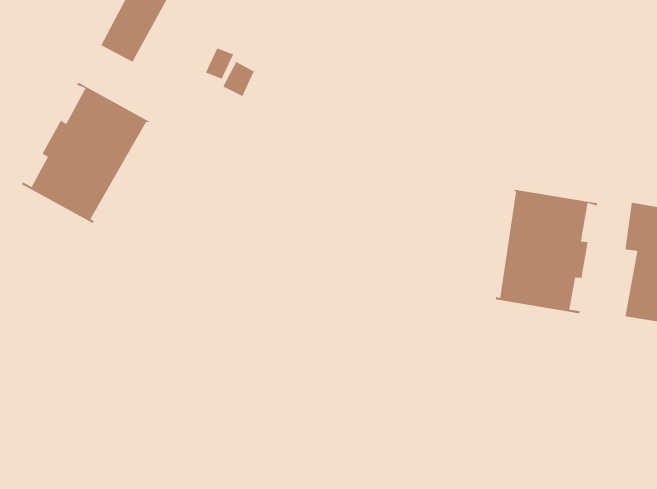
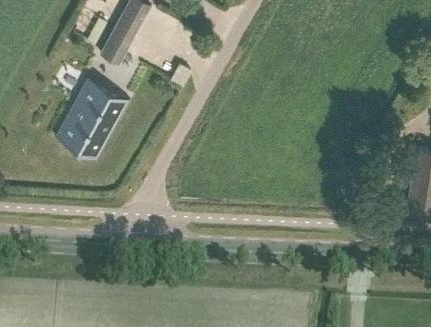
building: [495,189,598,314] -> none

